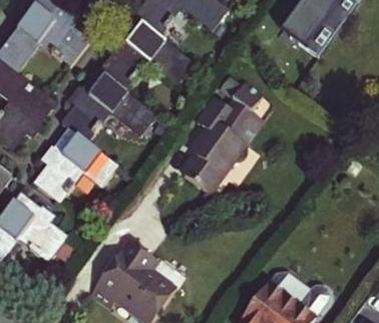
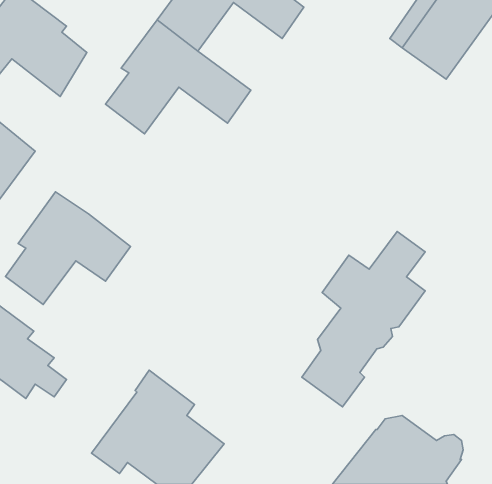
building: [64,71,155,141] -> none
building: [182,83,262,196] -> [302,232,425,407]

